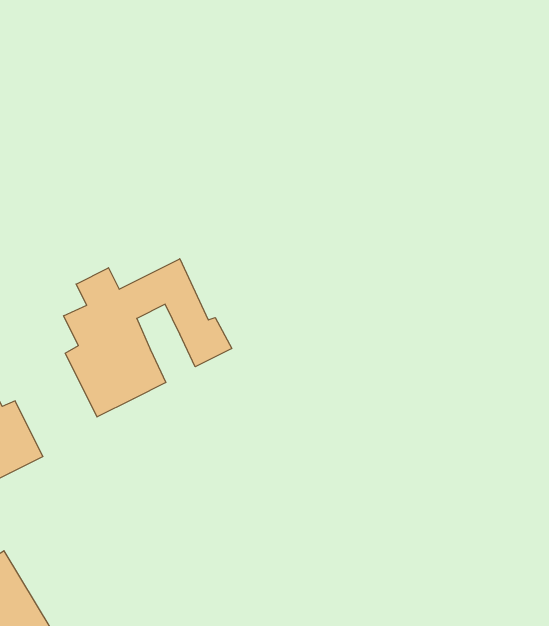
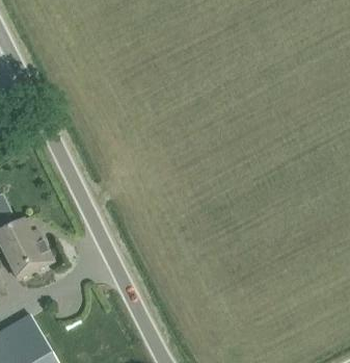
building: [64,259,232,417] -> none

